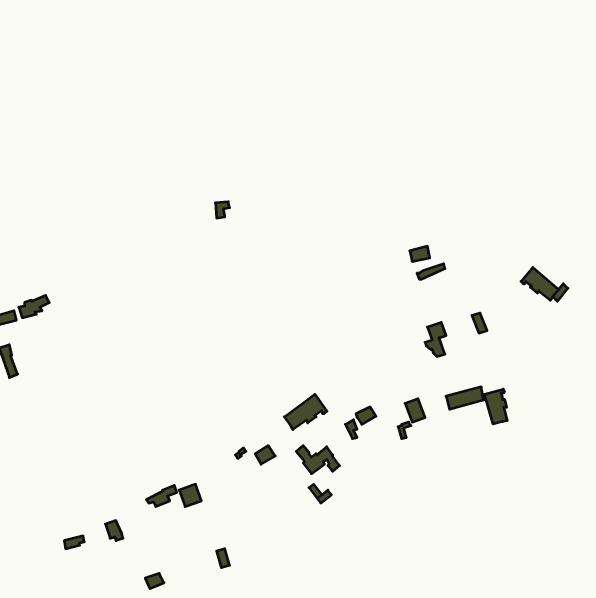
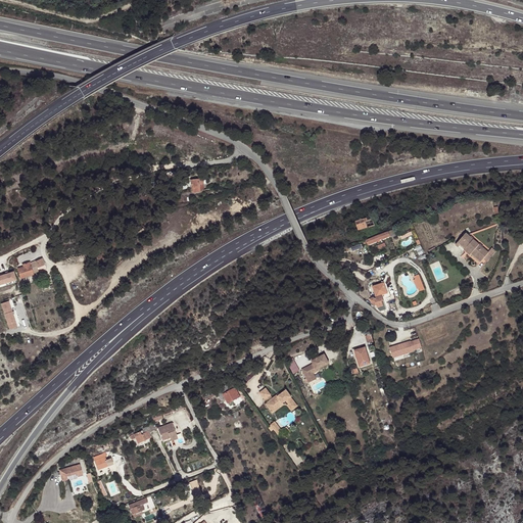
building: [484,389,507,424] -> none
building: [284,394,327,430] -> none

